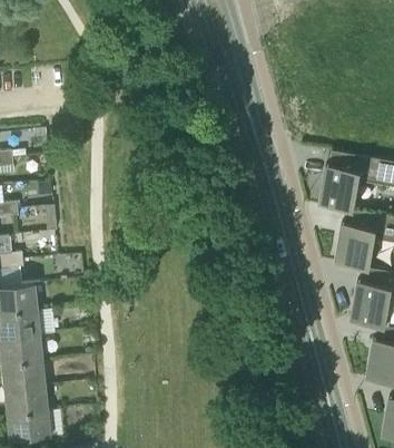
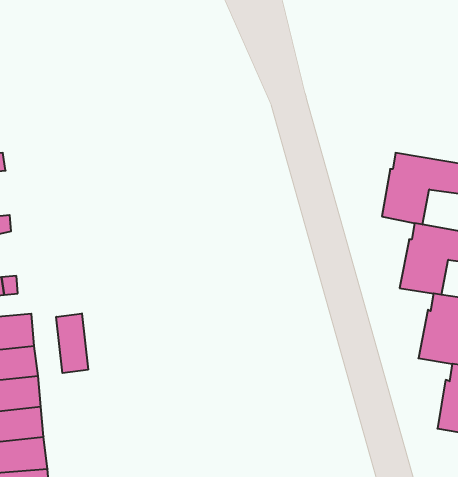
building: none -> [56,313,88,373]

